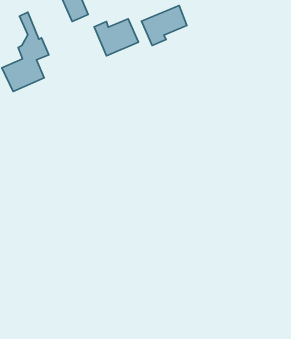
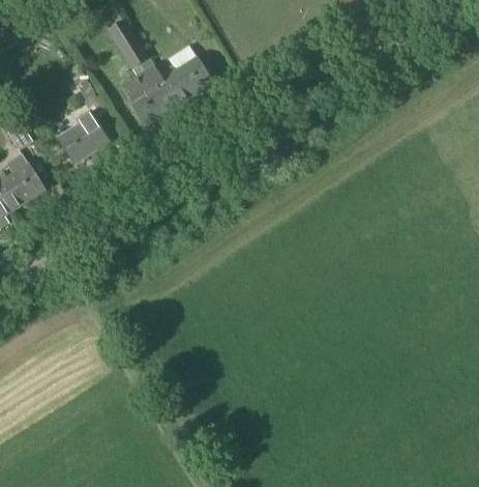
building: [142,5,187,45] -> none
building: none -> [121,63,178,125]

